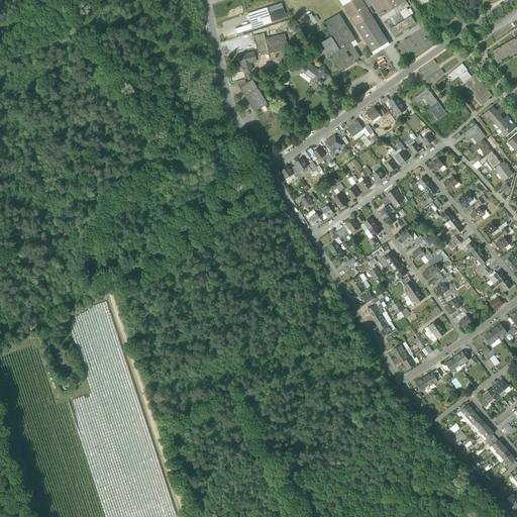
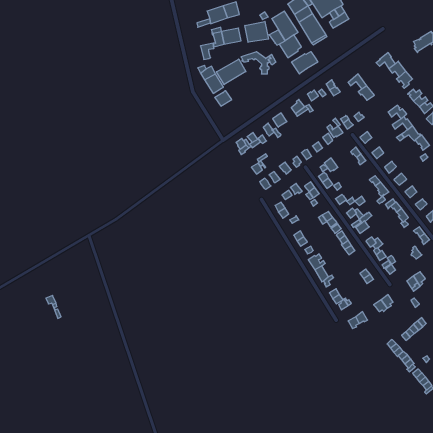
building: none -> [245,21,269,42]
building: none -> [292,52,318,74]
building: none -> [216,59,246,85]

